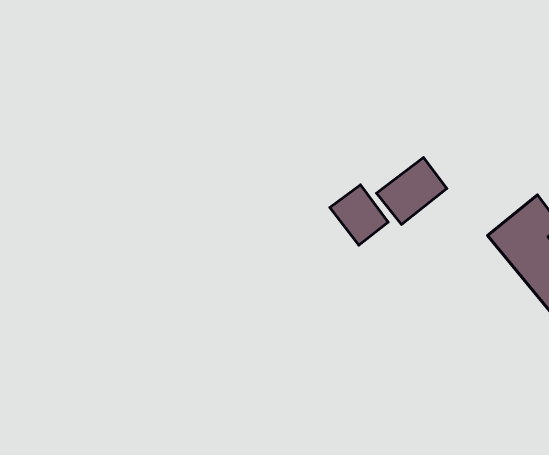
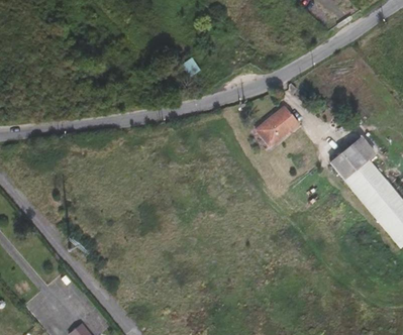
building: [330,185,388,245] -> none

